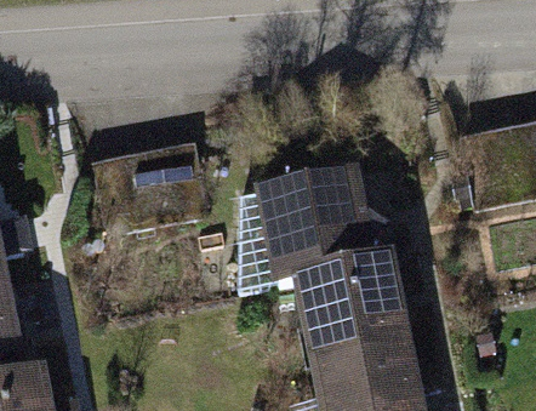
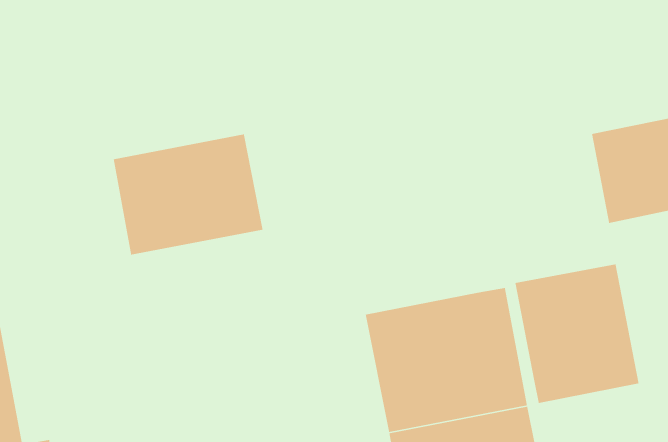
building: [252,173,377,284] -> none
building: none -> [515,263,639,404]

